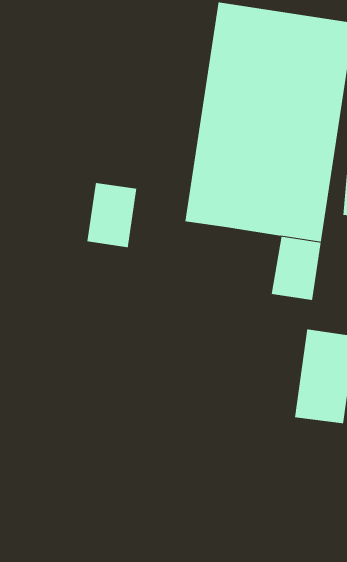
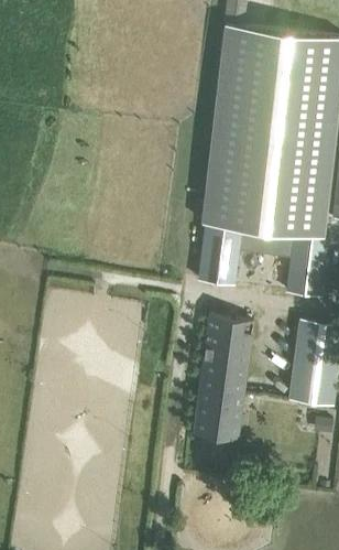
building: [87,182,137,248] -> [186,225,231,283]
building: none -> [196,316,255,440]

